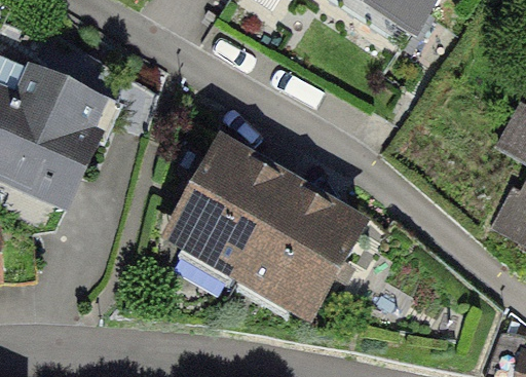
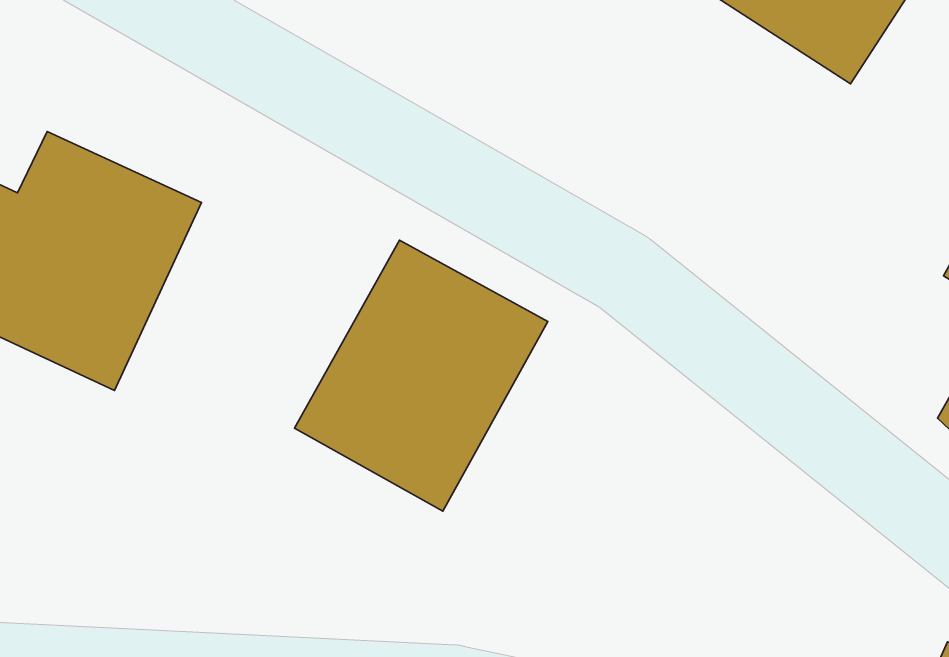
building: [234,174,366,314] -> none

